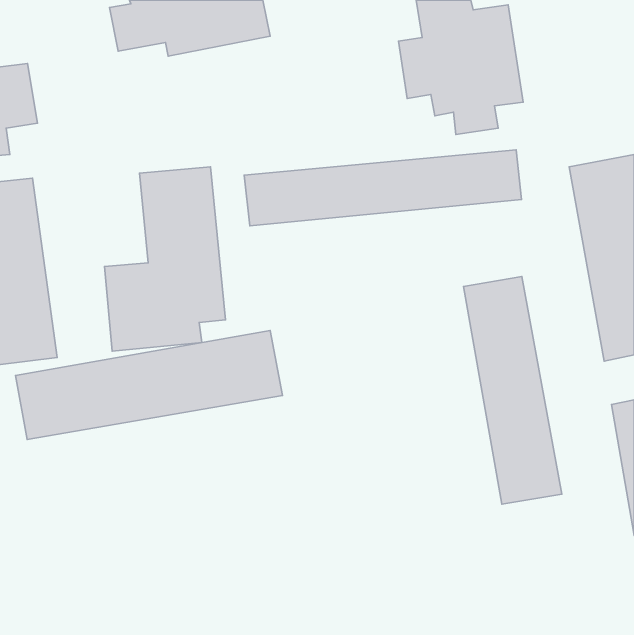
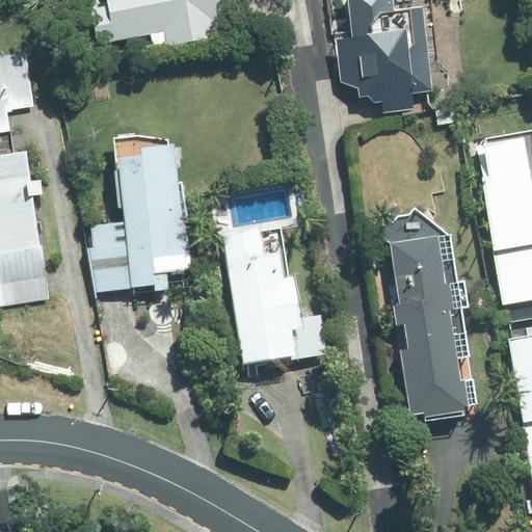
building: [244,150,521,226] -> none
building: none -> [222,220,325,363]
building: [15,330,283,439] -> none

